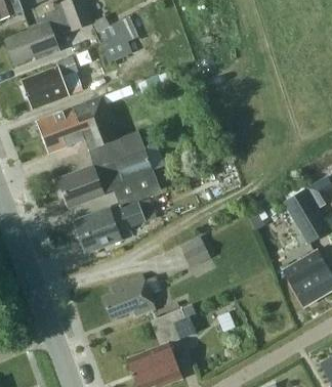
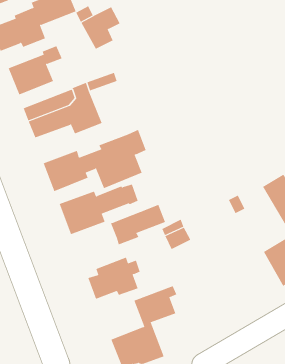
building: [87,130,144,172] -> [110,204,166,245]

